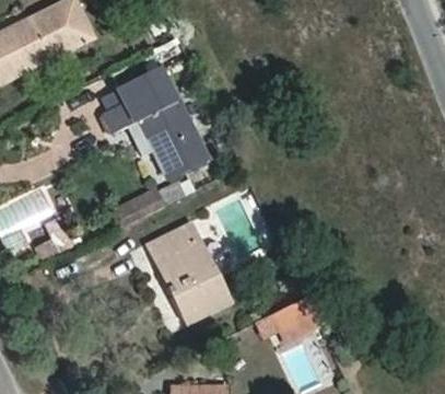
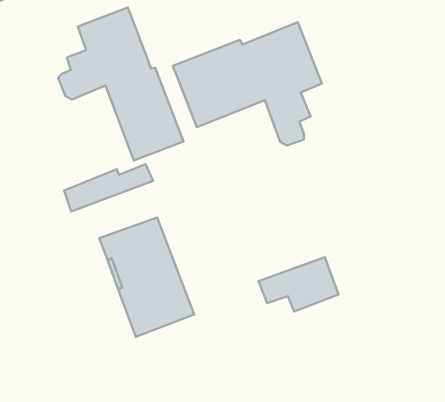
building: none -> [173,22,322,146]
building: [253,297,319,344] -> [259,257,339,311]

